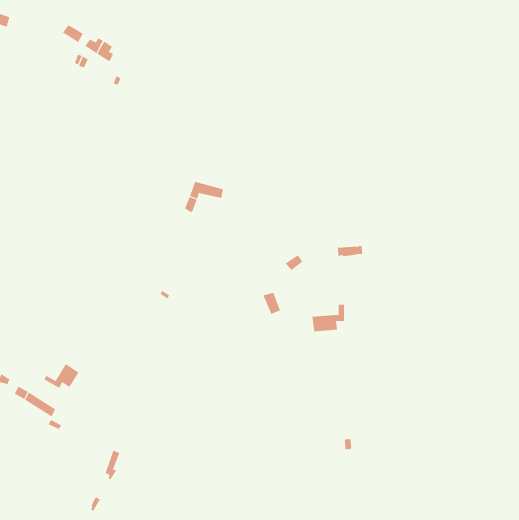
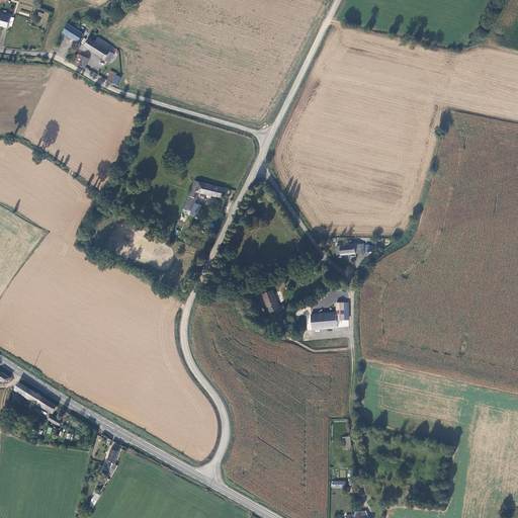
building: [44,363,79,389] -> none

